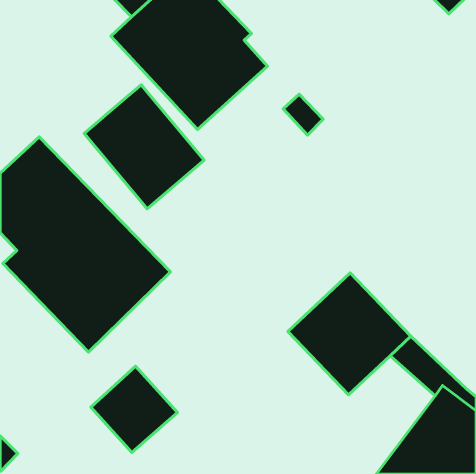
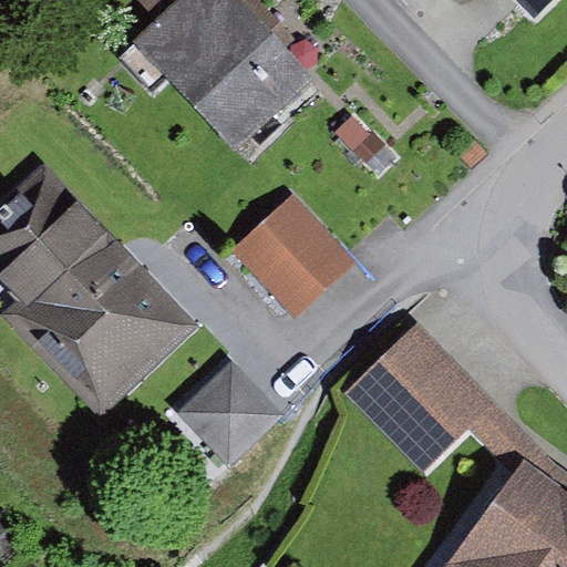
building: [84,85,204,209] -> none
building: none -> [229,198,346,316]
building: [91,366,178,453] -> [177,360,280,463]

